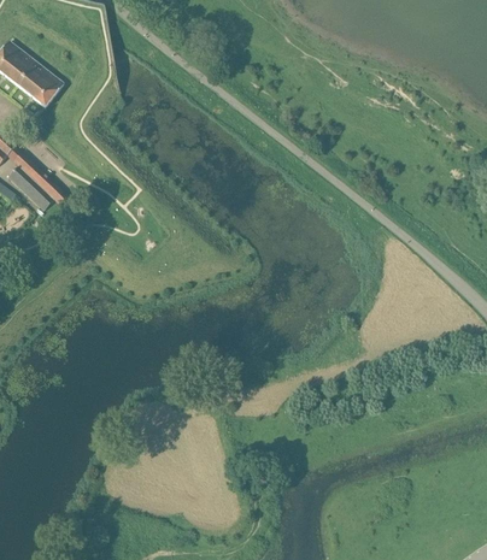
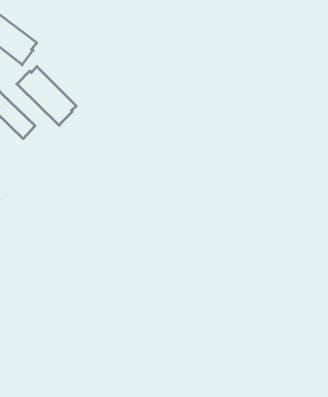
building: none -> [17,66,76,125]

